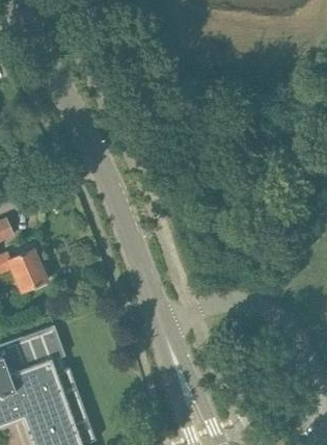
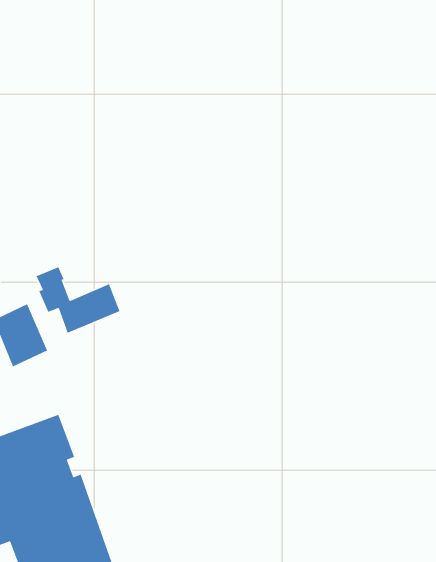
building: none -> [36,266,120,334]

